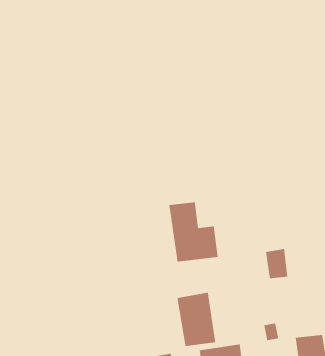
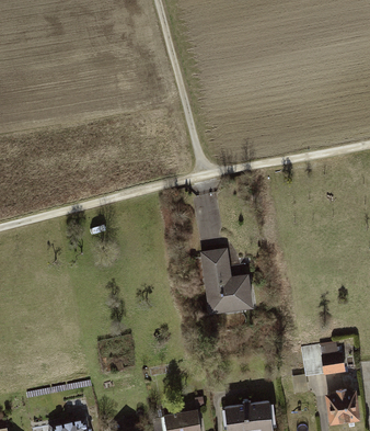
building: [265,249,288,279] -> [316,344,340,376]
building: [177,292,216,347] -> none

